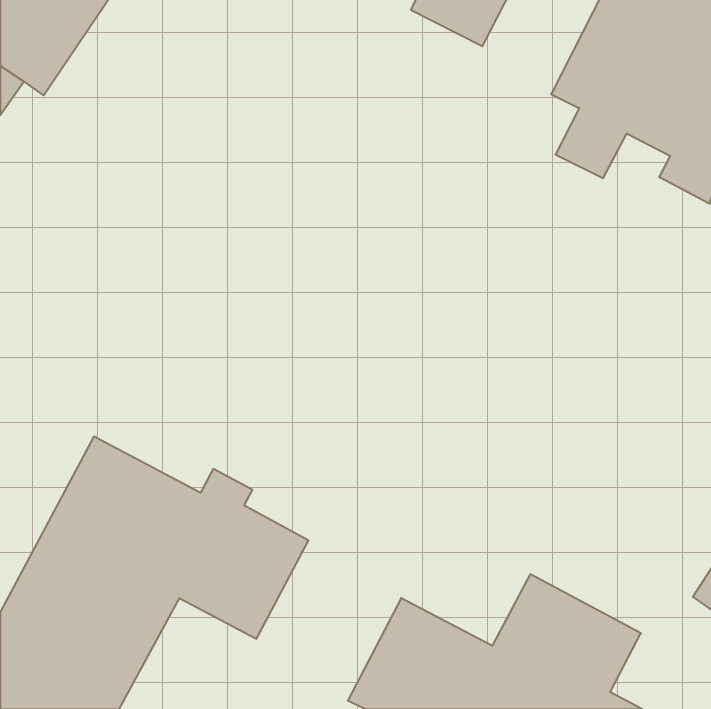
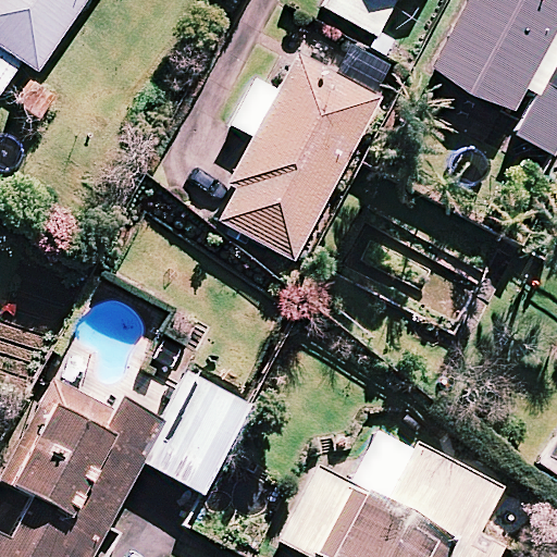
building: none -> [222,55,381,262]

